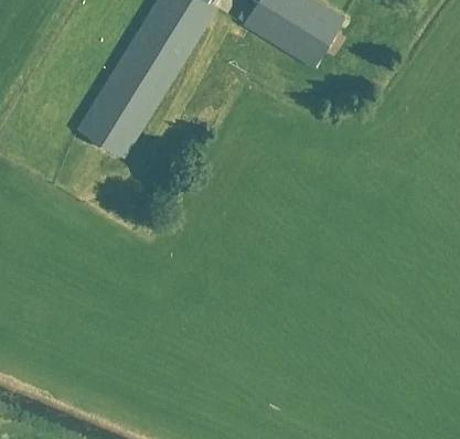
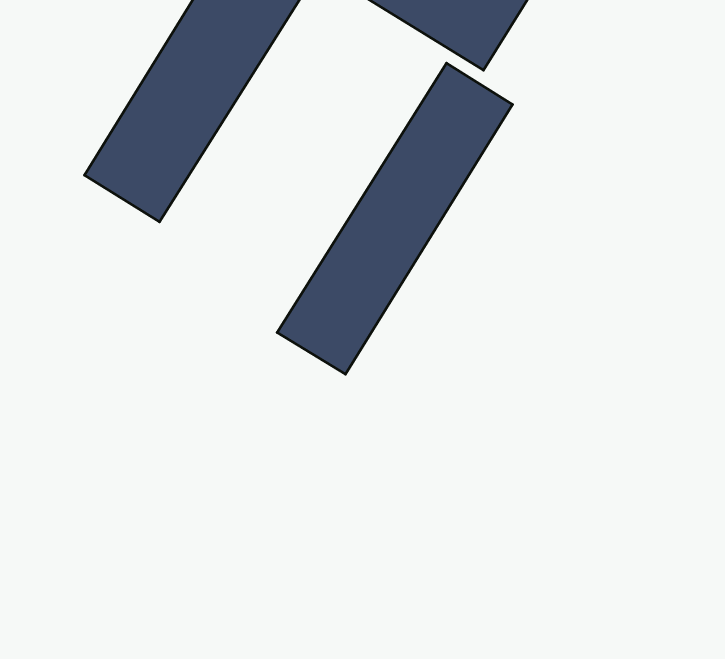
building: none -> [277,63,512,374]

